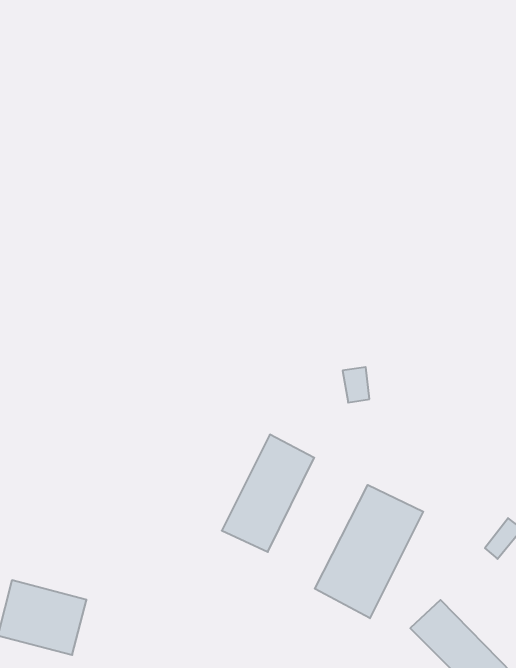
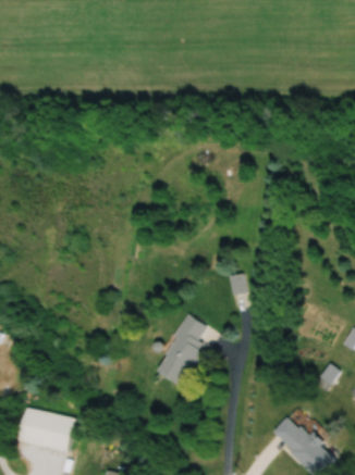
building: [315,485,423,618] -> none

